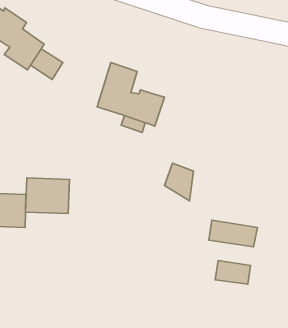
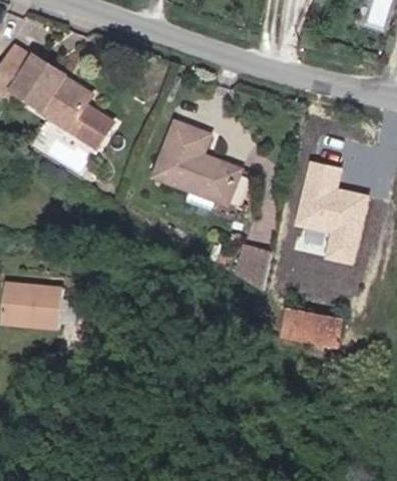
building: none -> [291,156,369,264]
building: [25,178,70,213] -> none
building: [215,261,251,284] -> none

